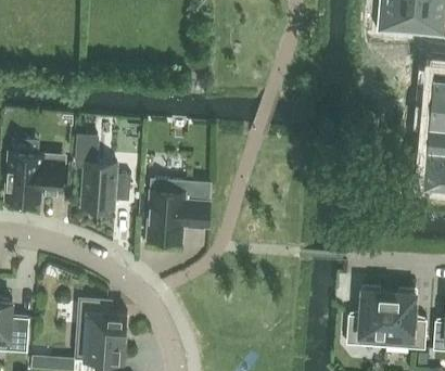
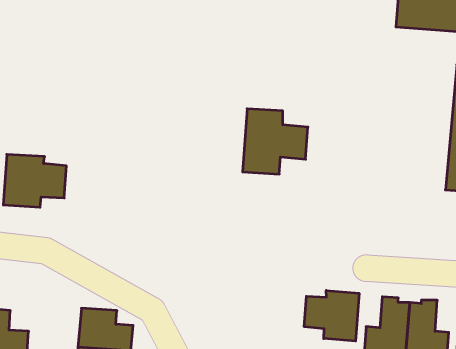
building: [75,136,130,209] -> none
building: [147,179,208,241] -> [243,109,308,174]
building: none -> [304,290,359,341]

